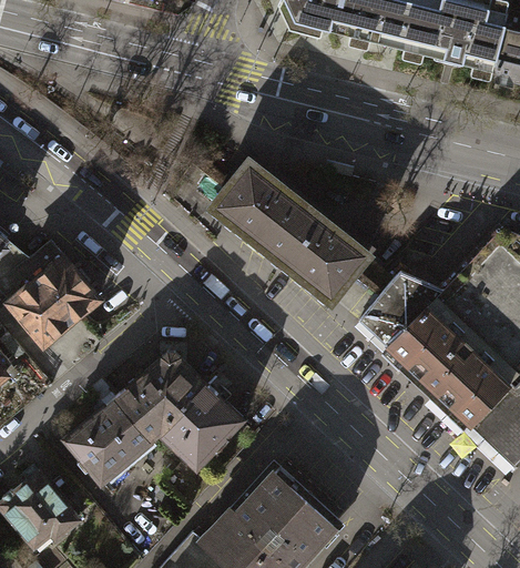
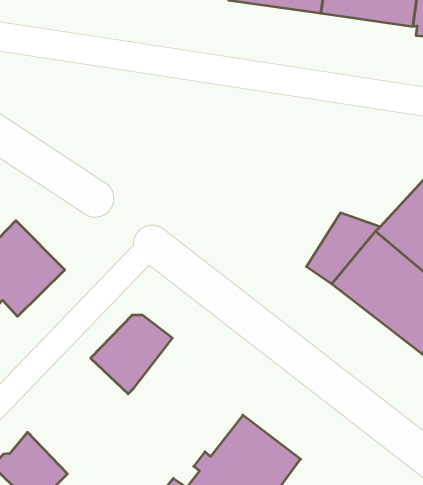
building: [212,161,367,301] -> none
building: [160,384,243,468] -> none
building: [64,397,153,484] -> none

